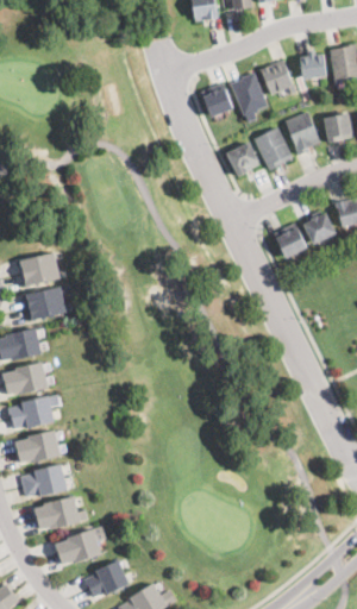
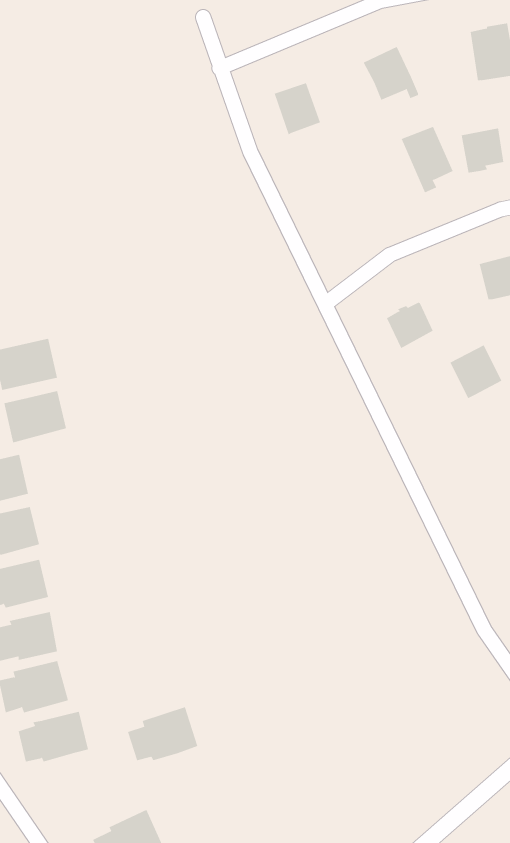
building: [300,54,326,79] -> none
building: [230,73,267,121] -> none
building: [253,126,292,171] -> none
building: [226,142,259,177] -> none
building: [301,209,336,245] -> [450,344,502,399]
building: [55,528,101,564] -> [127,706,198,761]

